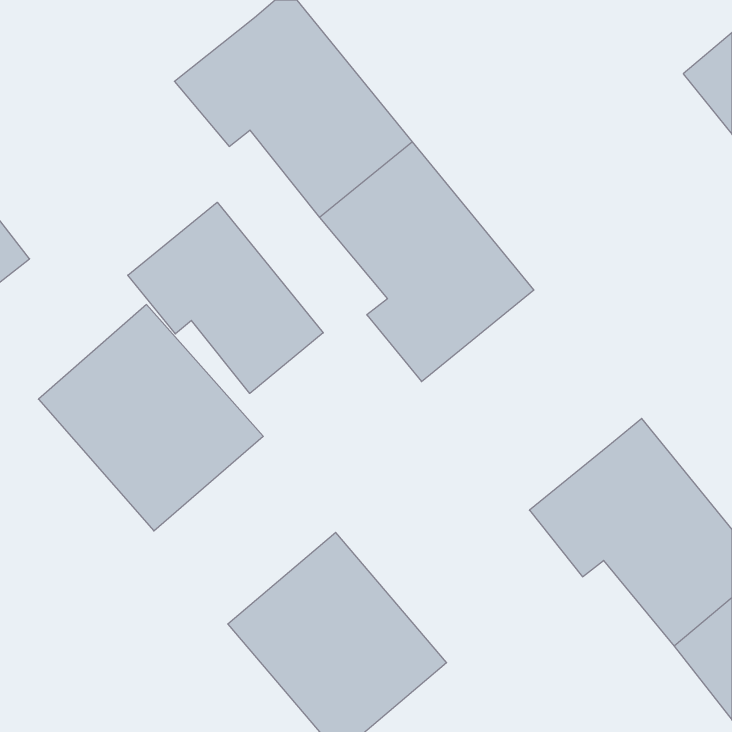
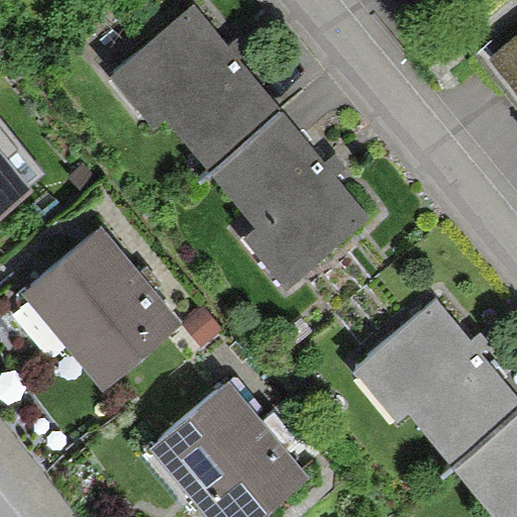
building: [128,202,323,393] -> none

